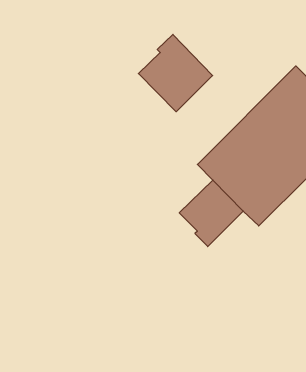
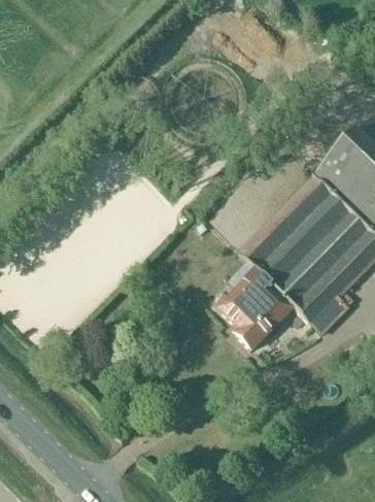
building: [138,34,213,112] -> none

